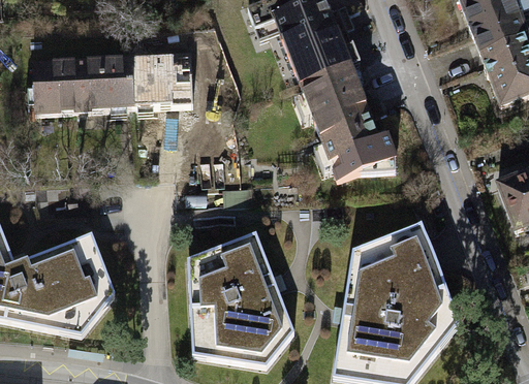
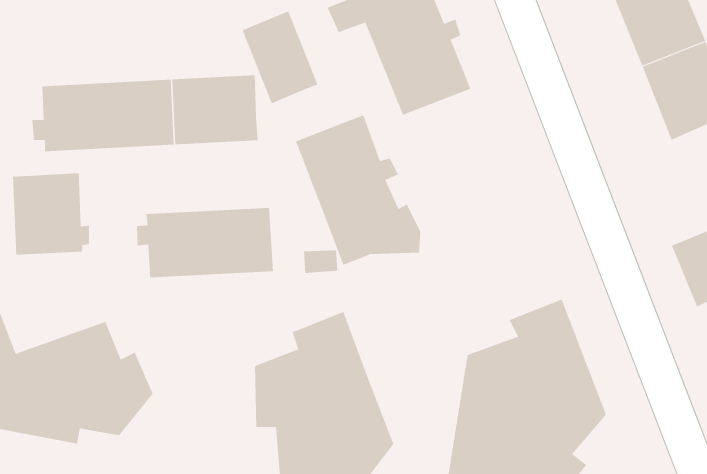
building: none -> [242,11,318,104]
building: [301,67,394,179] -> [295,114,421,266]
building: none -> [13,173,90,256]
building: none -> [137,207,273,278]

